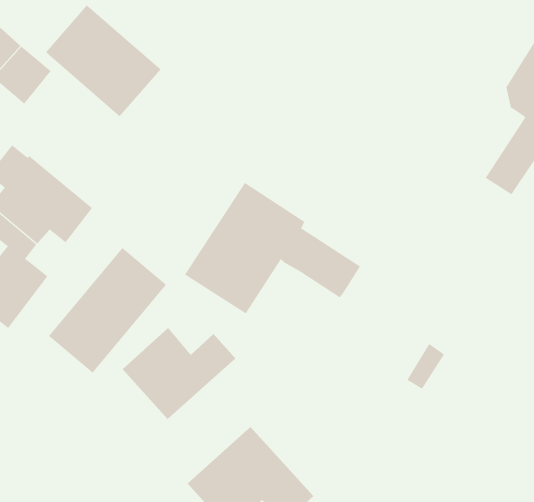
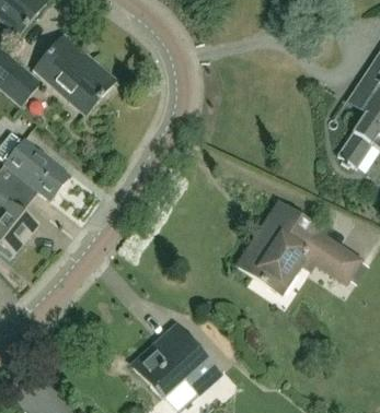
building: [184,182,361,314] -> [238,201,359,292]
building: [48,247,167,374] -> none
building: [122,327,236,420] -> none

